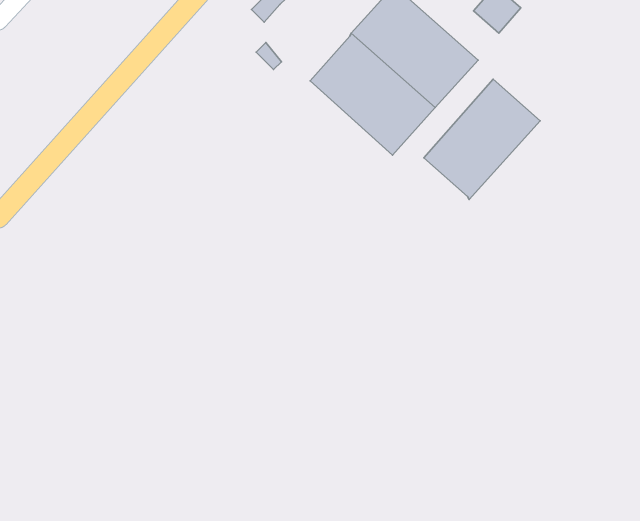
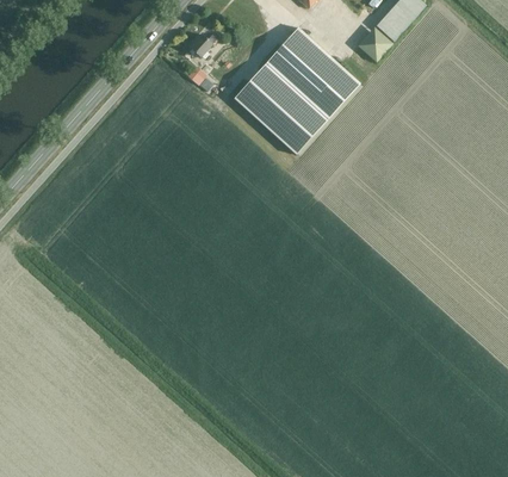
building: [424,79,540,199] -> none

